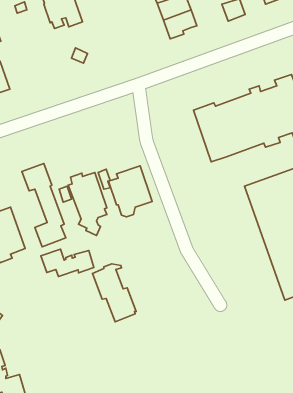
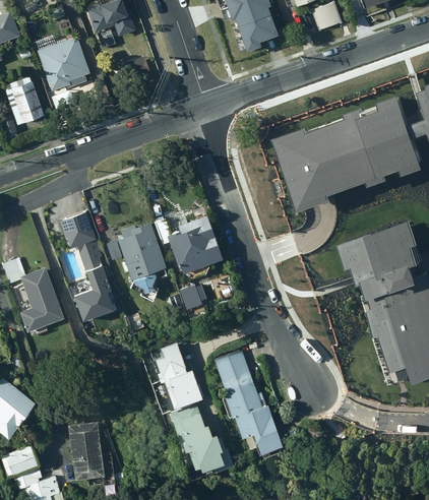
building: none -> [37,38,89,92]
building: none -> [177,284,201,310]
building: [41,249,94,276] -> none
building: none -> [212,349,284,452]
building: none -> [171,403,234,468]
building: none -> [67,421,117,492]

